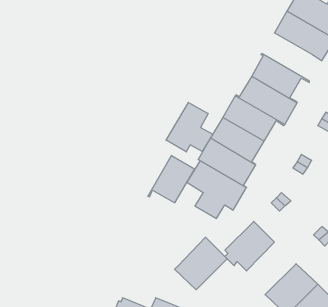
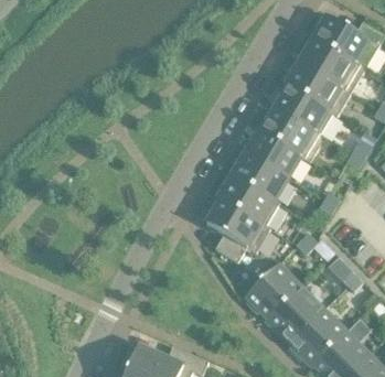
building: none -> [286,62,350,114]
building: [166,102,213,152] -> none
building: [148,155,195,203] -> none
building: [175,237,227,290] -> [266,286,322,342]

